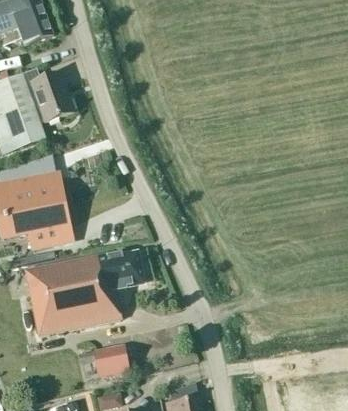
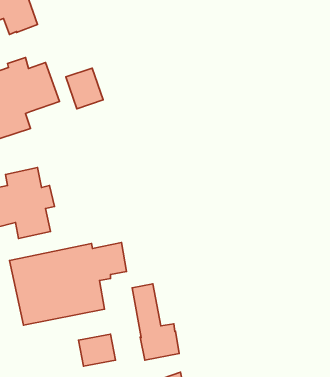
building: none -> [66,68,103,109]
building: none -> [132,284,179,360]

